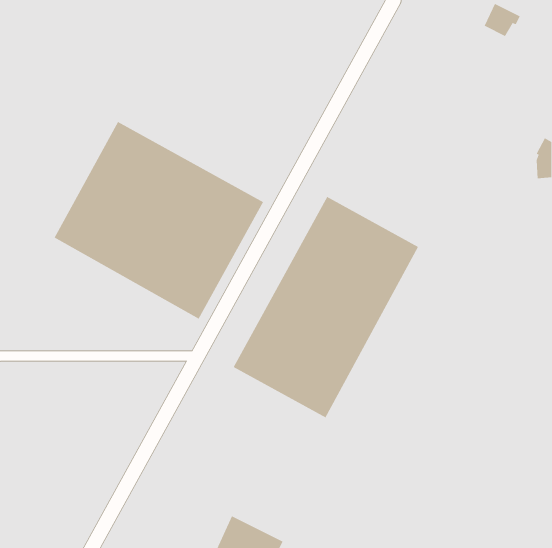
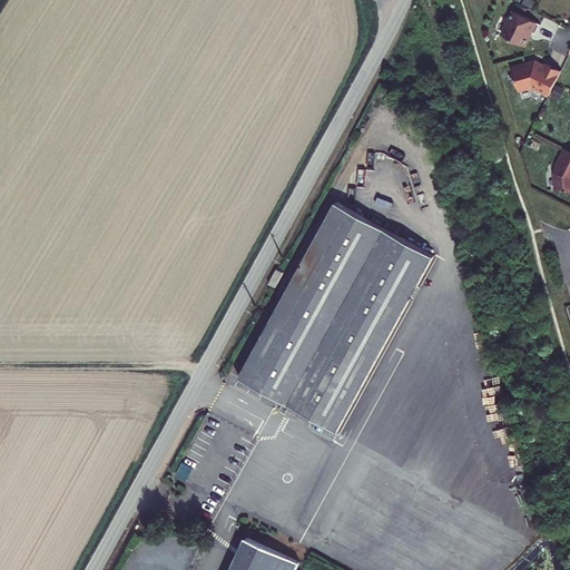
building: none -> [509,58,557,94]
building: [54,121,264,319] -> none

